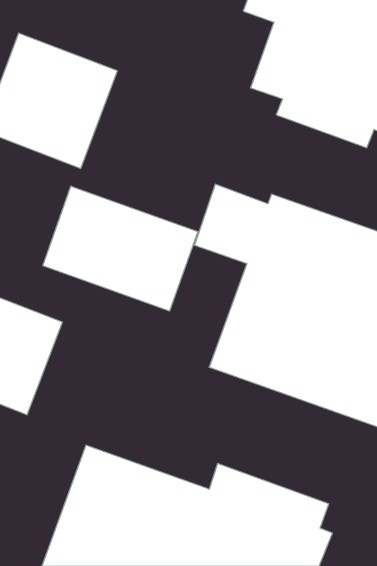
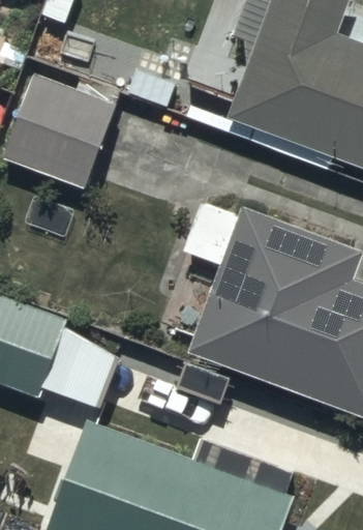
building: [43,186,198,311] -> none

